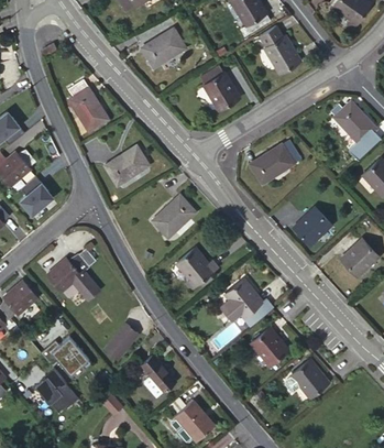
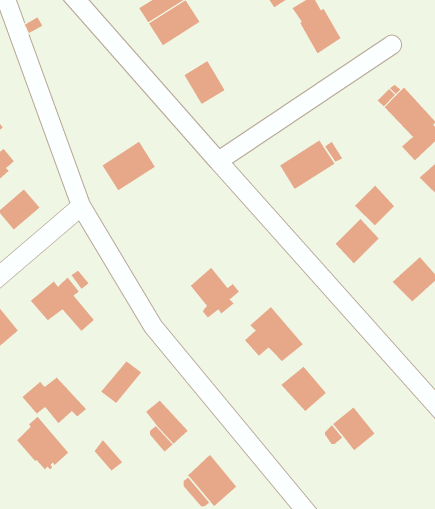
building: [205,74,239,110] -> [183,60,225,105]
building: [68,79,109,132] -> none
building: none -> [354,185,395,226]
building: [152,195,195,237] -> none

